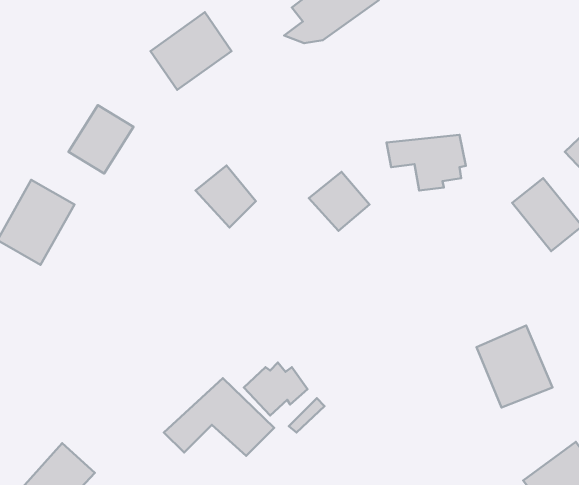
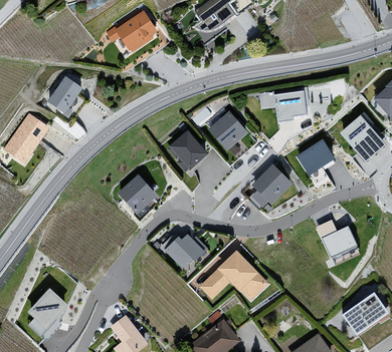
building: [195,166,256,228] -> [168,131,207,171]
building: none -> [293,138,333,179]
building: none -> [251,164,290,204]
building: none -> [121,173,166,218]
building: [164,378,274,456] -> [198,253,269,303]

